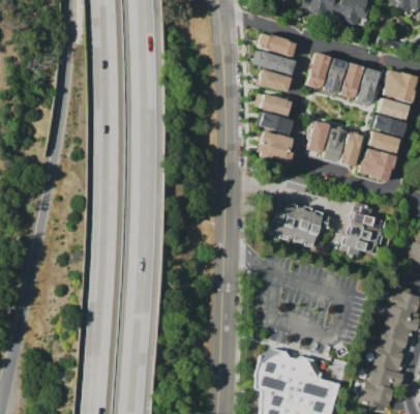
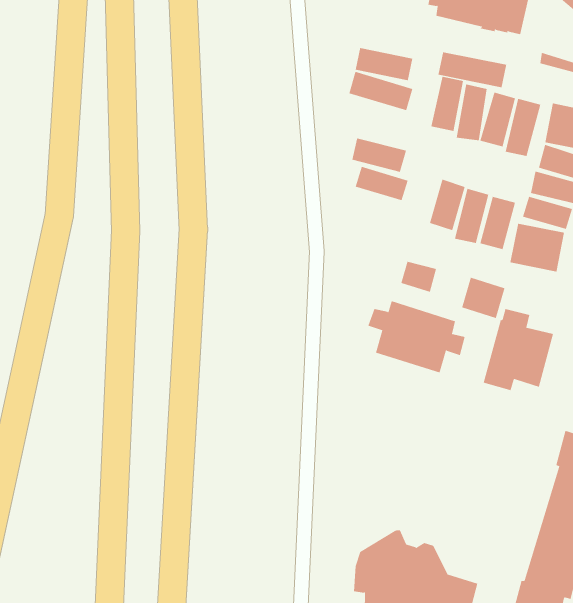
building: none -> [438,51,507,88]
building: [257,69,290,91] -> none
building: [258,131,293,161] -> none
building: none -> [462,277,505,319]

